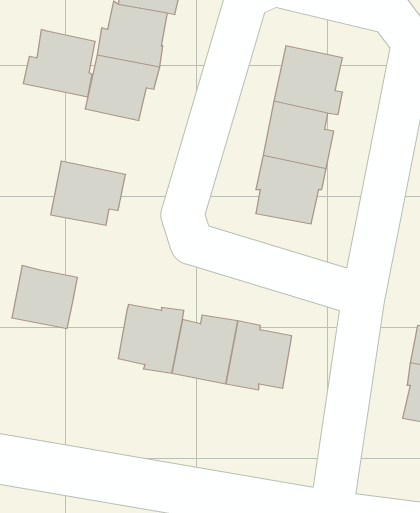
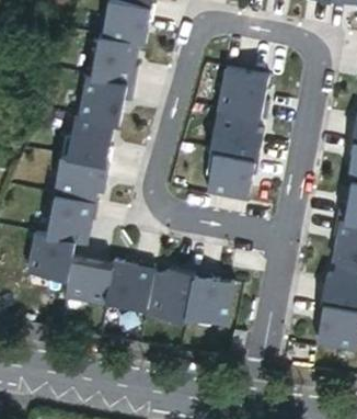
building: [23,30,95,97] -> [64,112,116,161]
building: none -> [47,190,99,239]
building: none -> [65,253,112,299]

